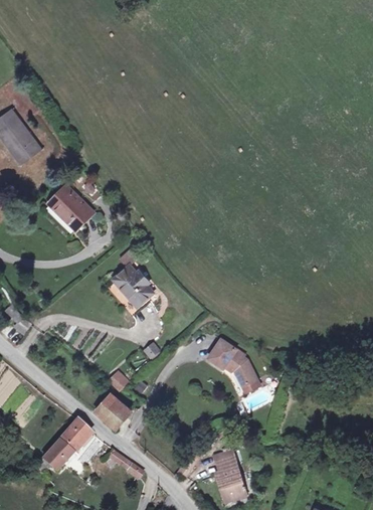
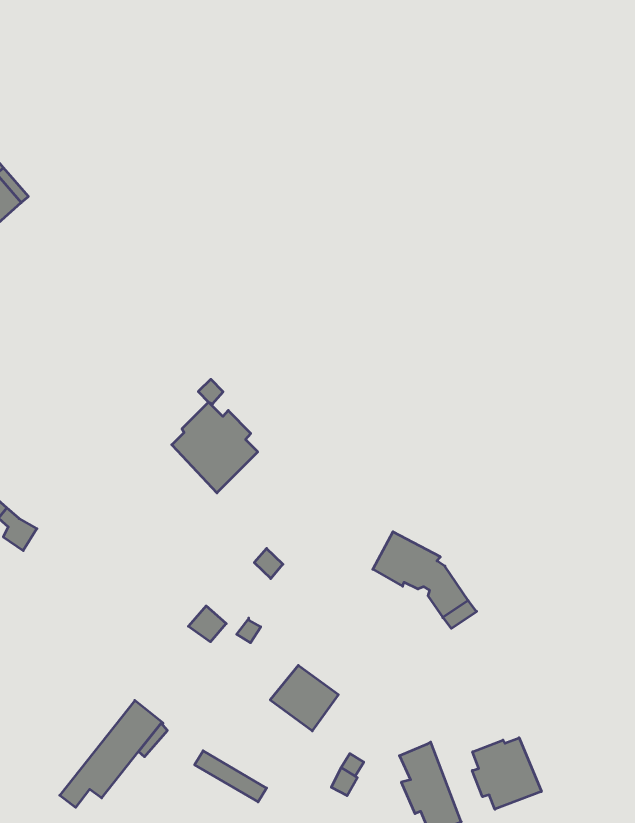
building: [48,185,94,229] -> none
building: [95,393,131,429] -> [270,665,338,731]
building: none -> [472,738,541,809]

